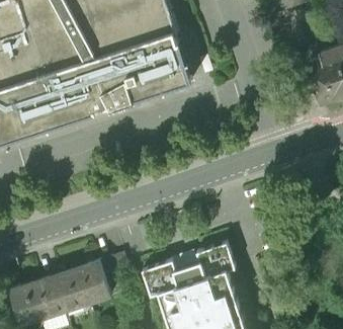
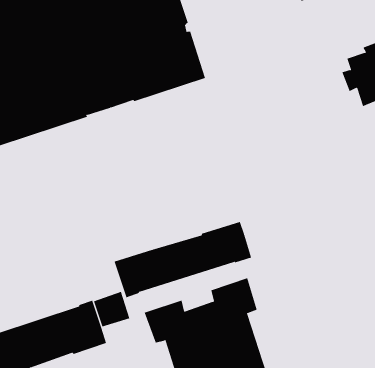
building: none -> [114,221,252,298]

